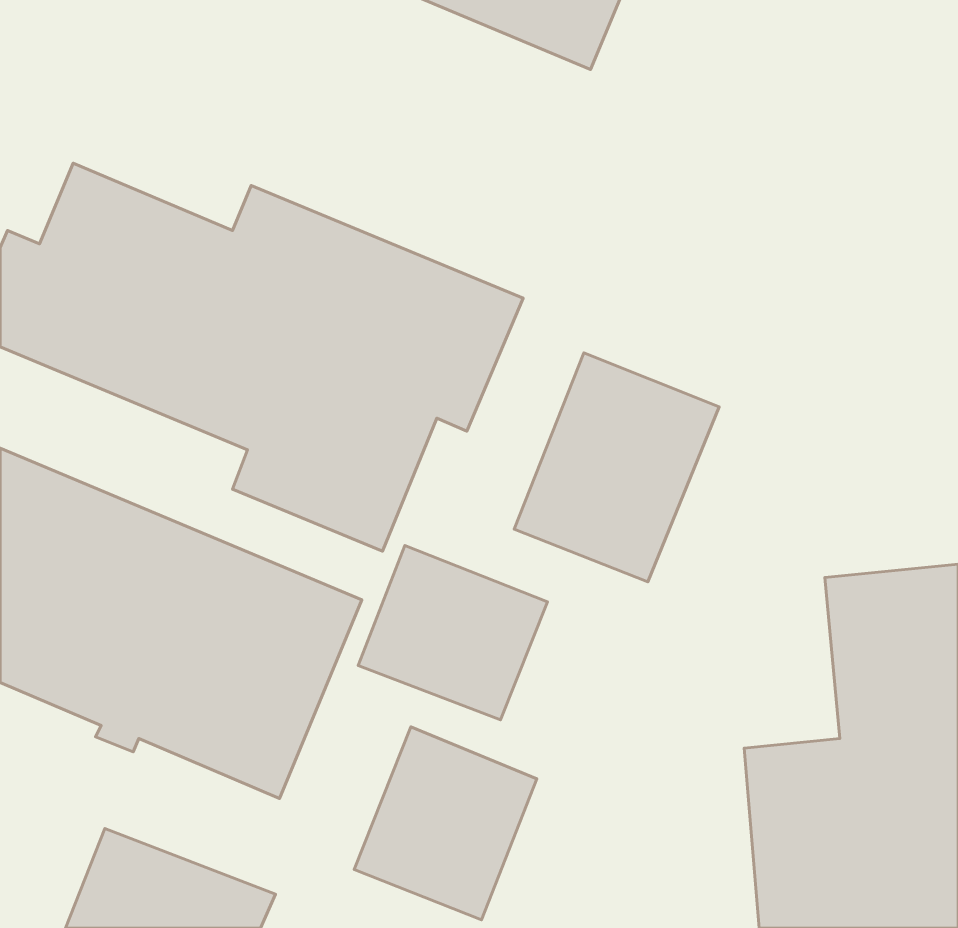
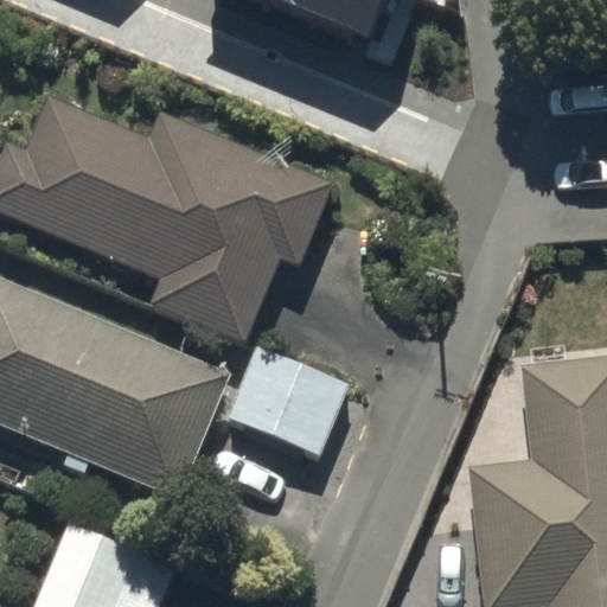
building: [514,353,719,582] -> none
building: [354,727,537,920] -> none

